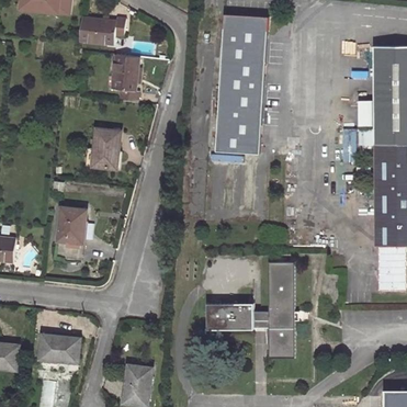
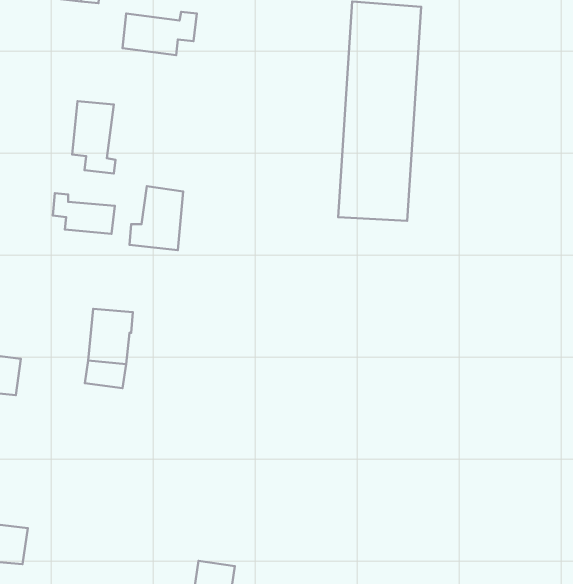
building: [113,55,140,101] -> [72,101,115,174]
building: none -> [53,193,115,234]
building: [206,263,298,359] -> none
building: [39,335,80,363] -> none

